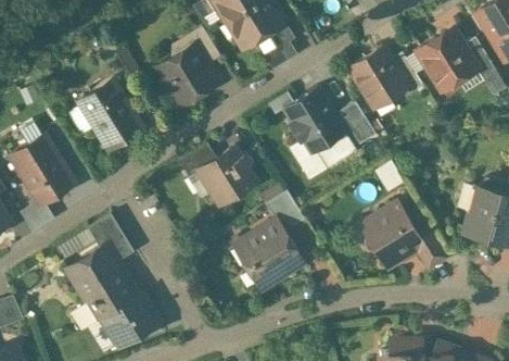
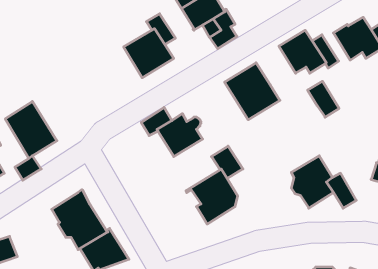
building: [76,82,141,151] -> none
building: [336,104,376,149] -> [308,81,339,117]
building: [86,215,132,264] -> none

